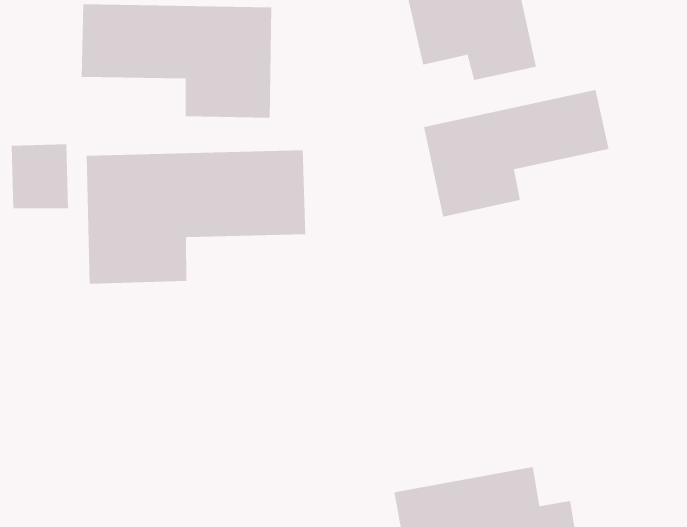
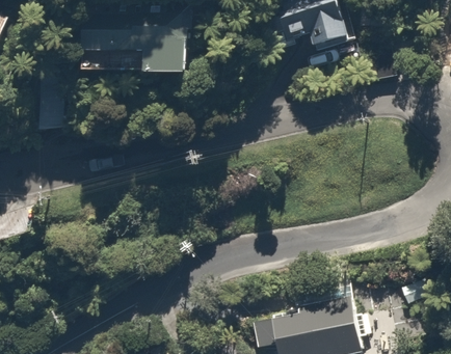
building: [423,89,609,218] -> none
building: [86,150,306,284] -> none

